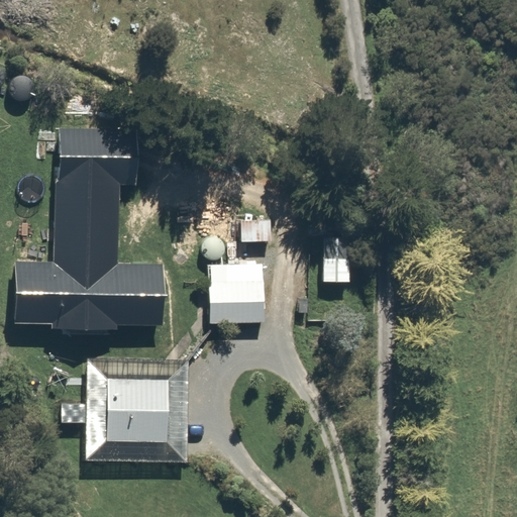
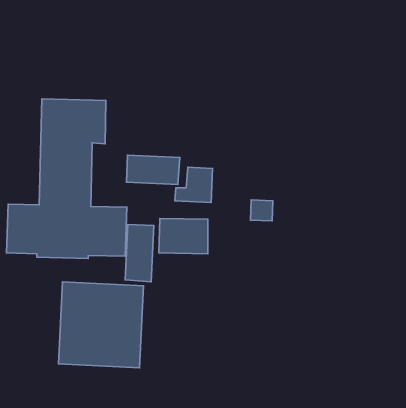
building: none -> [127,155,180,184]
building: none -> [125,225,154,282]

